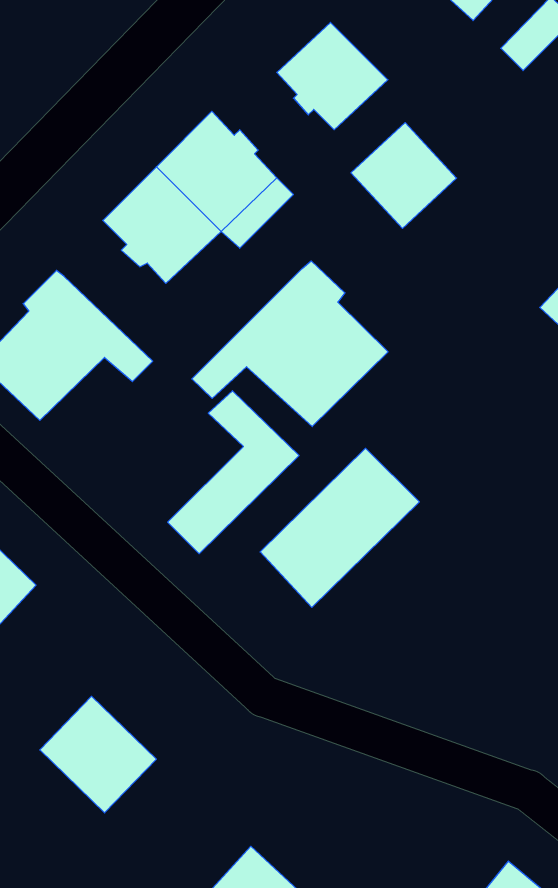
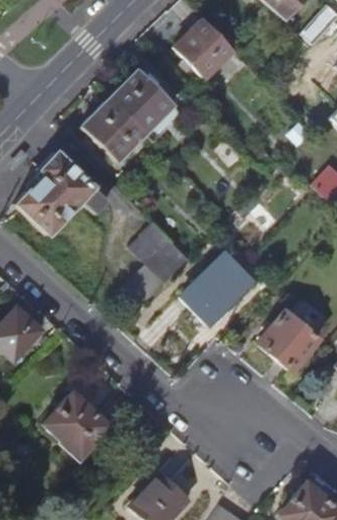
building: [351,123,457,228] -> none
building: [192,261,388,427] -> none
building: none -> [261,311,320,369]

